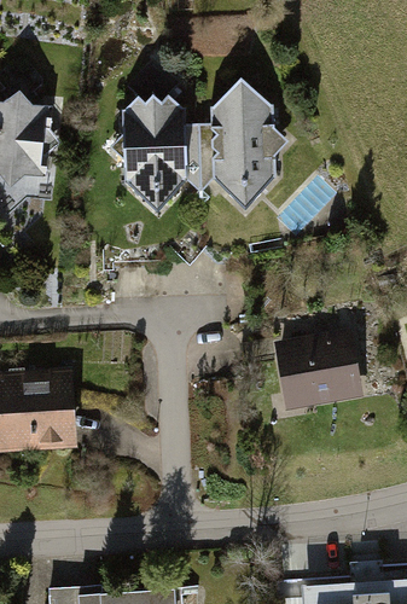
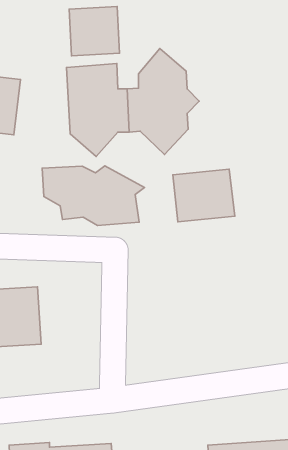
building: none -> [69,7,120,56]
building: none -> [42,166,144,226]
building: [284,345,364,413] -> [173,169,235,222]

